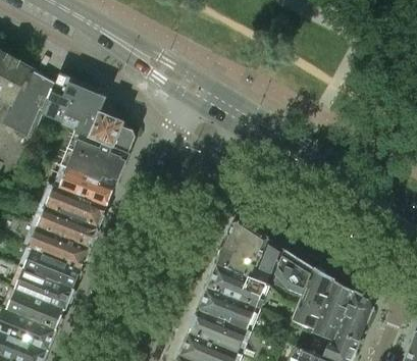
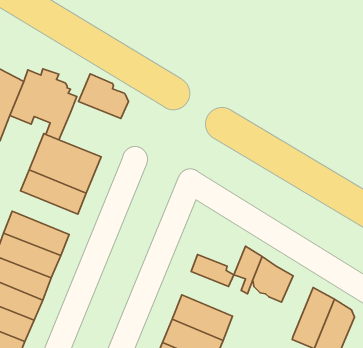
building: [88,111,136,154] -> [79,74,128,119]
building: [43,187,106,228] -> none
building: [221,221,267,267] -> none
building: [206,264,265,307] -> none
building: [293,268,332,326] -> none

